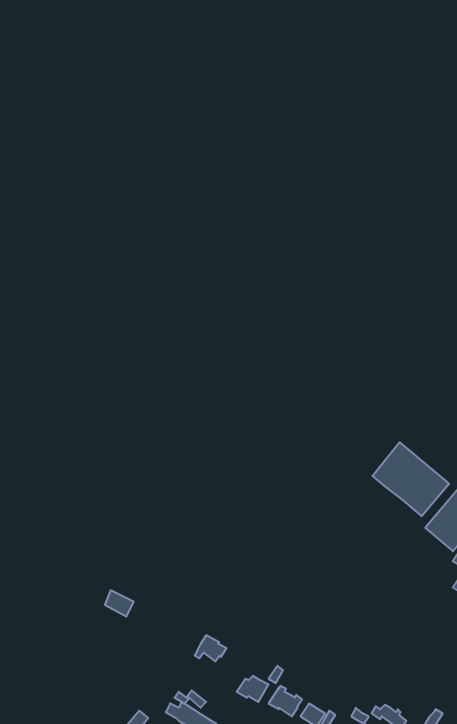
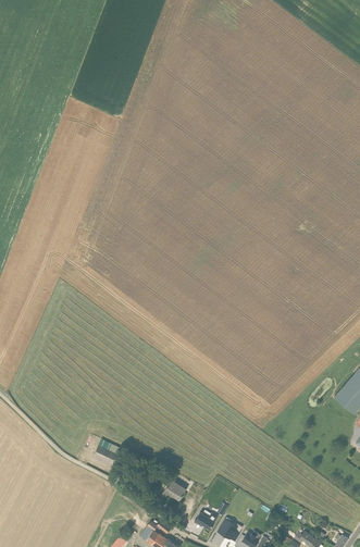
building: [372,442,449,516] -> none

